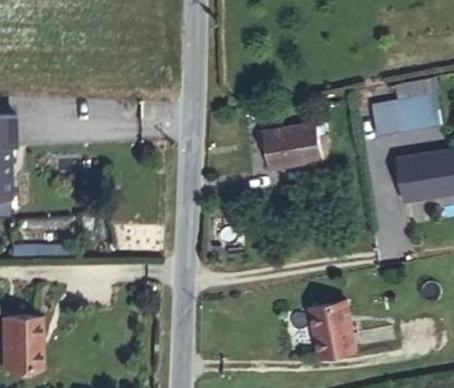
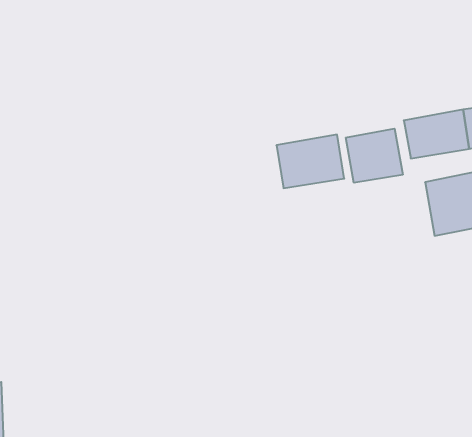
building: none -> [346,129,403,183]
building: [307,300,357,351] -> none

